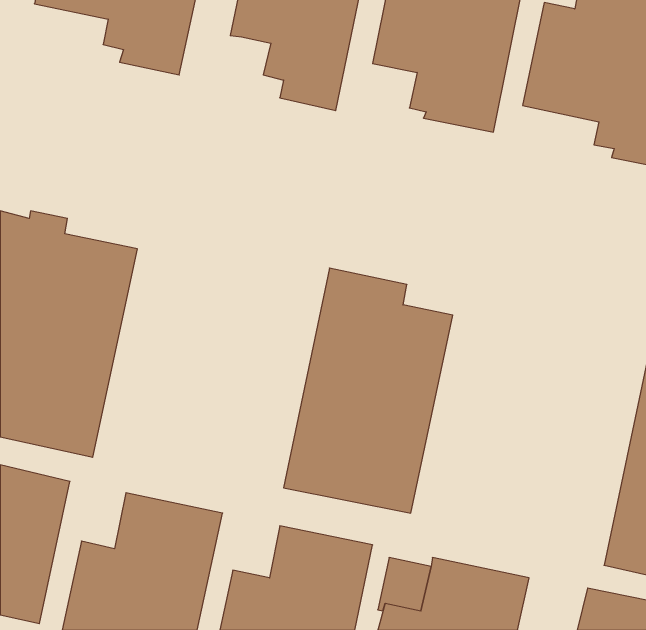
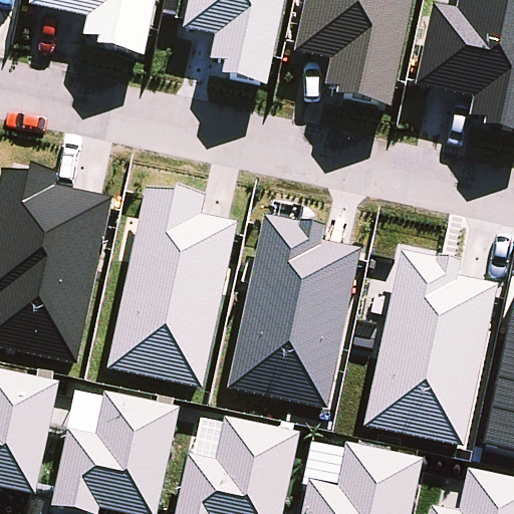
building: none -> [106,185,236,387]
building: none -> [362,248,497,444]

